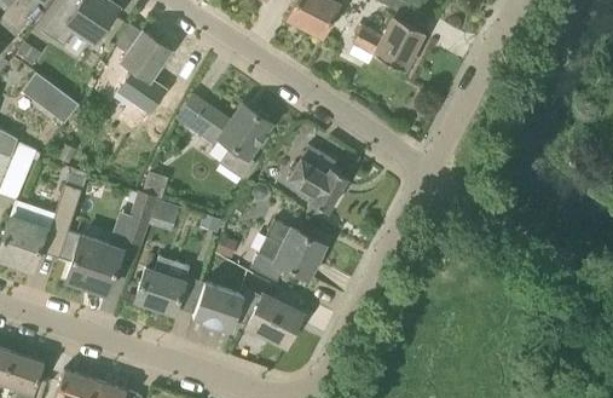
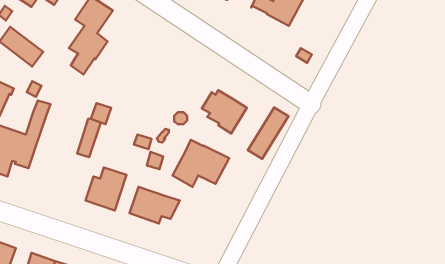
building: [189,103,272,179] -> none
building: none -> [248,107,288,159]
building: [60,231,122,294] -> none
building: [247,294,302,346] -> none

